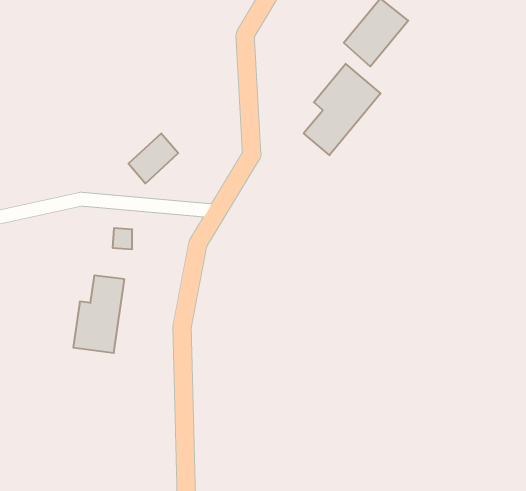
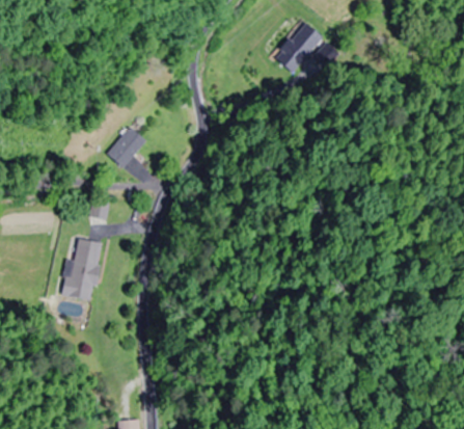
building: [304,64,381,155] -> none

